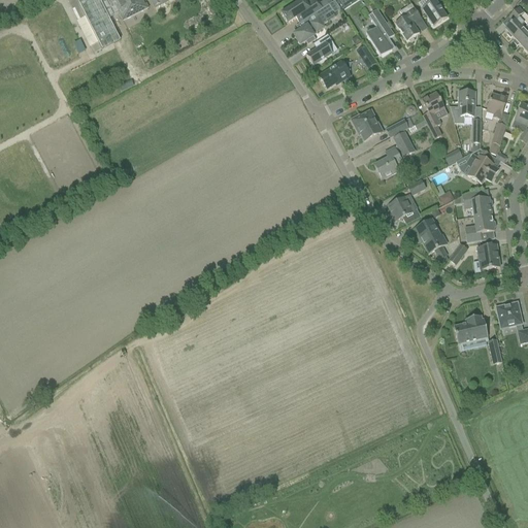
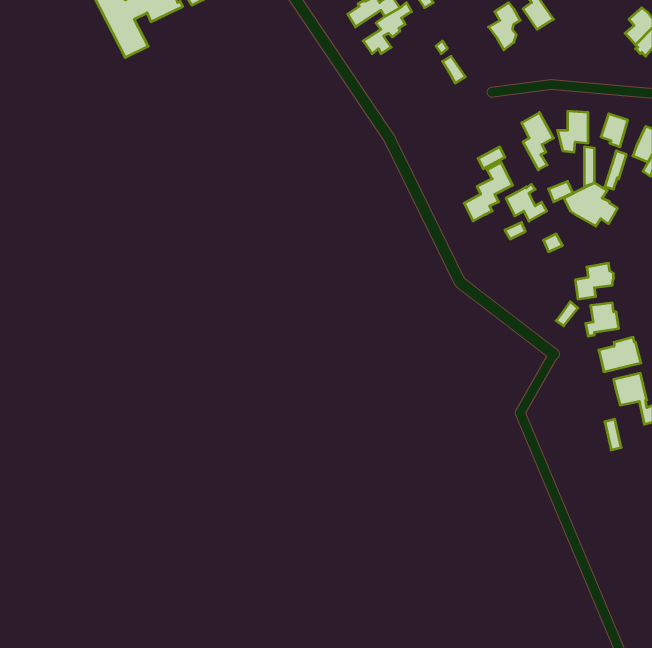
building: [366,7,395,55] -> none
building: [306,33,334,64] -> none
building: [320,59,351,87] -> none
building: [352,109,383,140] -> none
building: [463,190,493,216] -> none
building: [389,194,422,224] -> [506,184,547,221]
building: [414,219,446,252] -> none
building: [454,315,488,342] -> [599,337,641,372]

